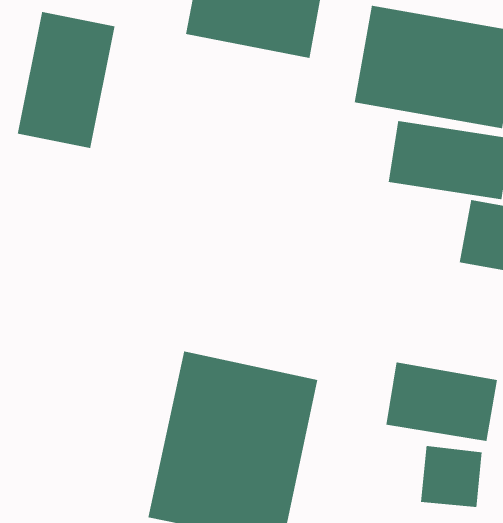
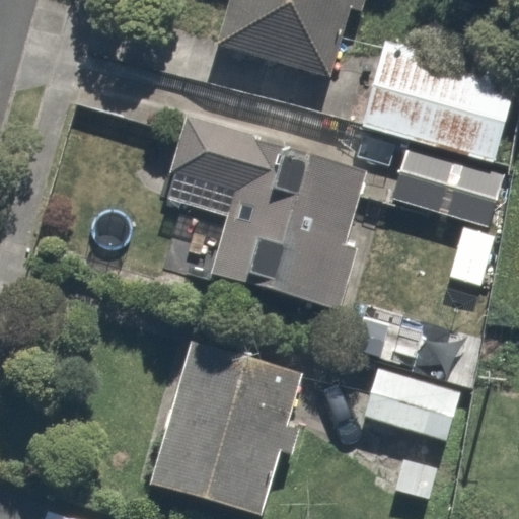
building: [17,11,115,149] -> none
building: none -> [161,112,266,227]
building: none -> [240,151,374,316]

